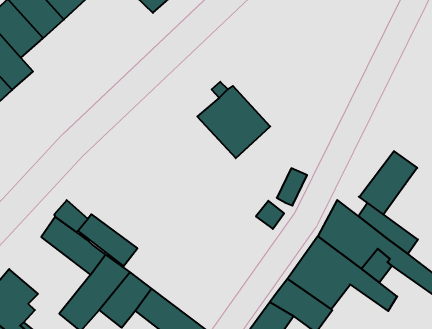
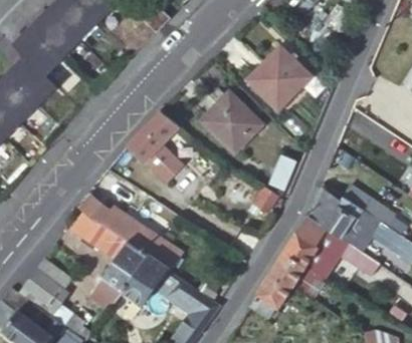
building: none -> [246,46,312,111]
building: none -> [127,112,184,185]
building: [359,151,417,214] -> none

